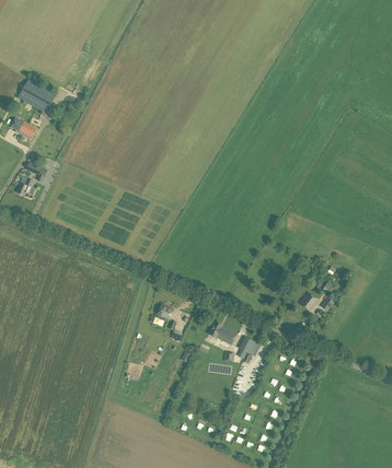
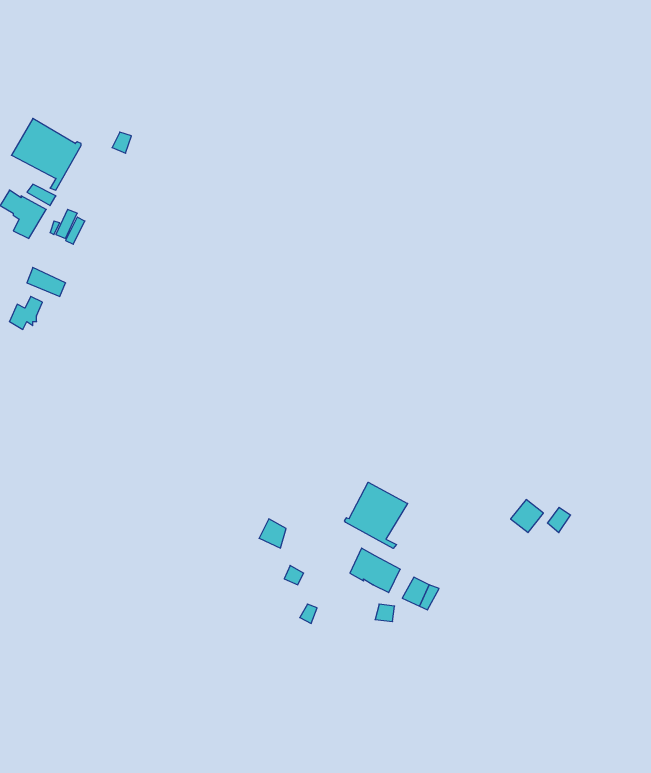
building: none -> [345,482,408,548]

